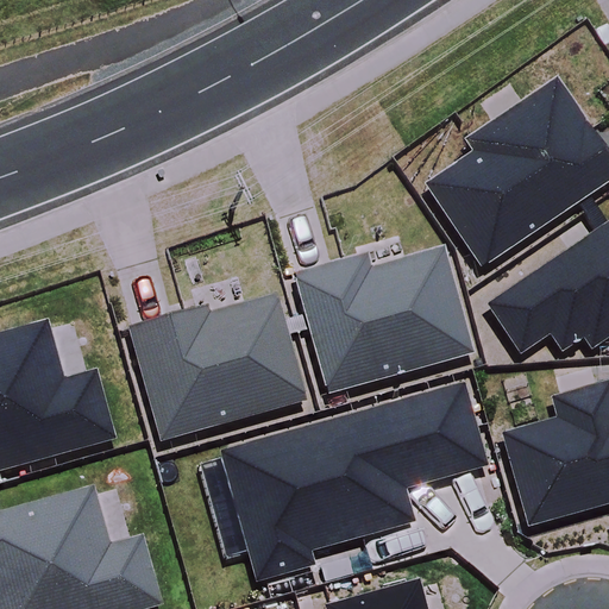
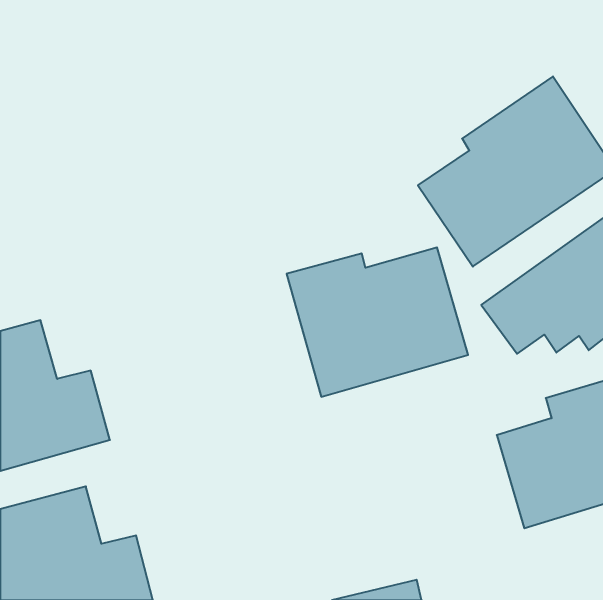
building: [127,294,306,440] -> none
building: [220,383,486,579] -> none

